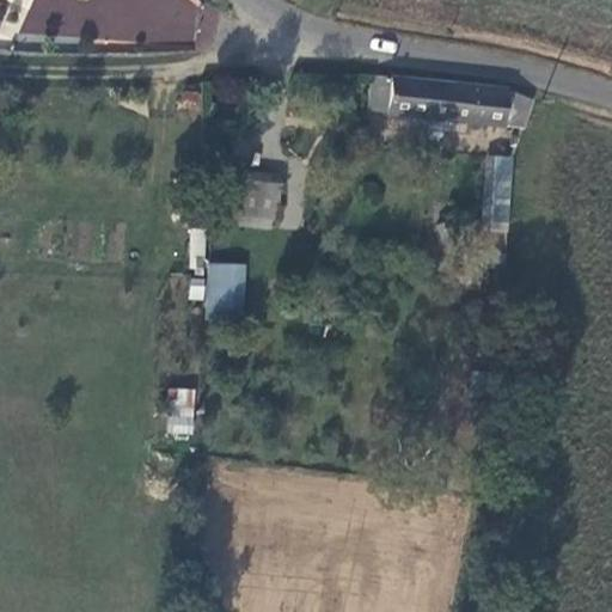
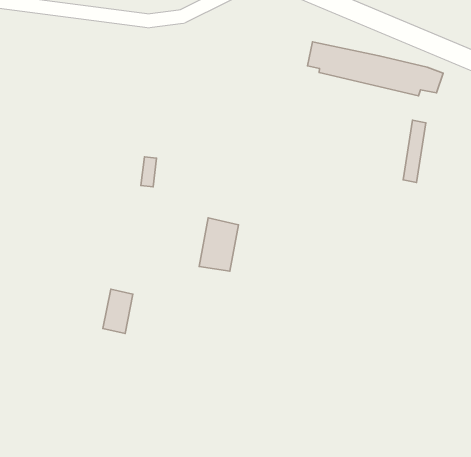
building: [219,175,277,214] -> none
building: [206,265,245,324] -> [199,218,238,271]

